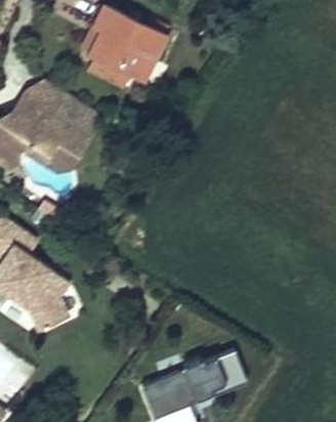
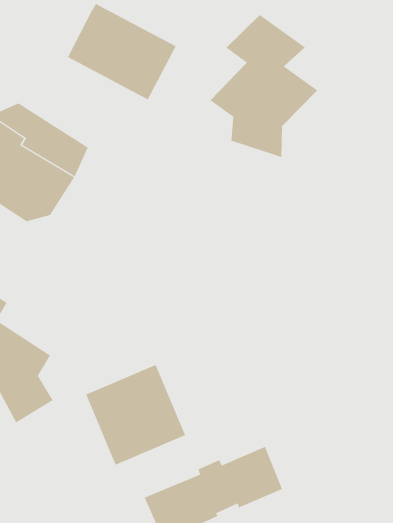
building: none -> [210,14,318,158]
building: none -> [86,364,186,465]

